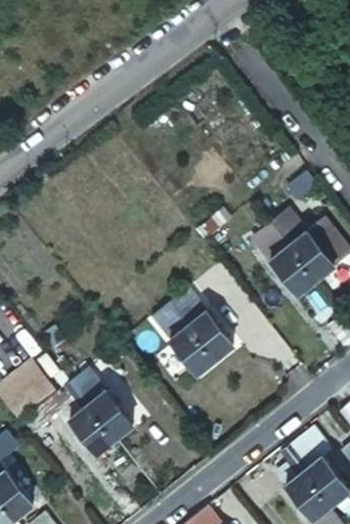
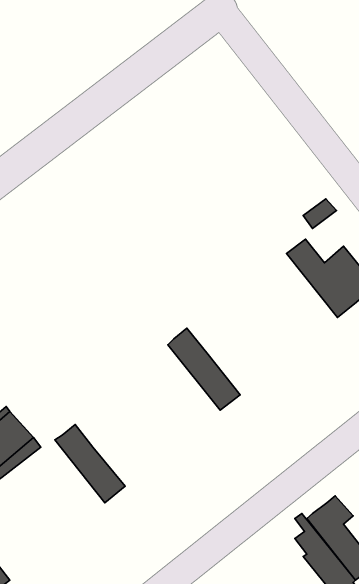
building: [253,225,316,296] -> none
building: [151,304,215,376] -> none
building: [67,386,116,454] -> none

